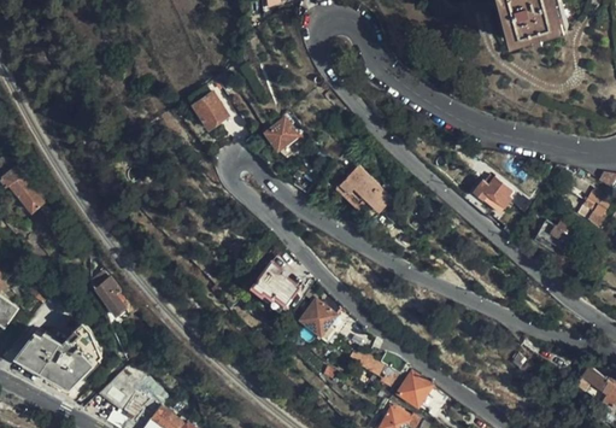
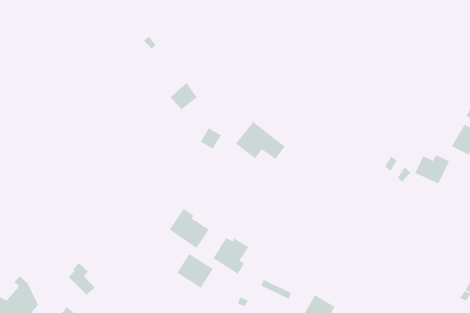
building: [194,93,229,129] -> none
building: [475,175,515,213] -> none
building: [95,279,125,317] -> [68,262,95,296]
building: none -> [176,253,214,289]

